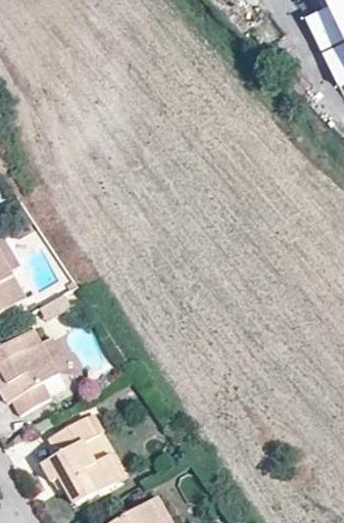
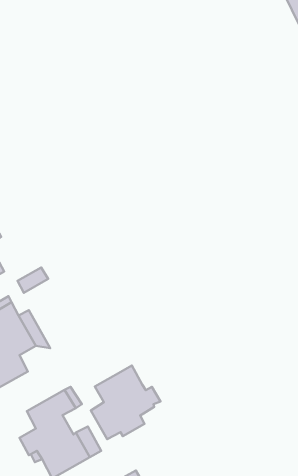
building: none -> [91,365,160,439]

